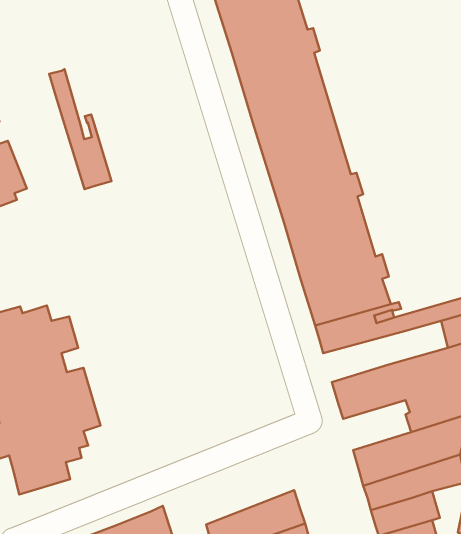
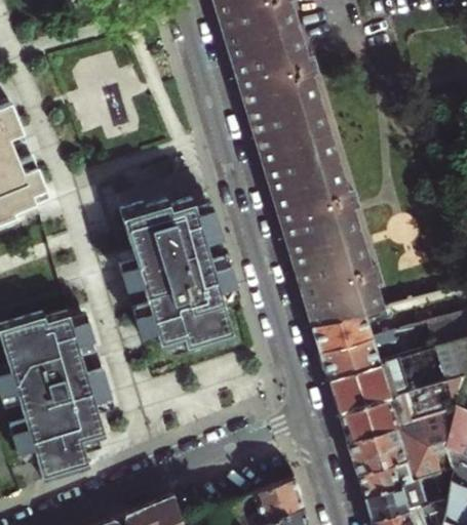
building: [49,69,111,189] -> none
building: none -> [115,196,238,354]
building: none -> [320,331,398,378]
building: none -> [339,395,401,441]

